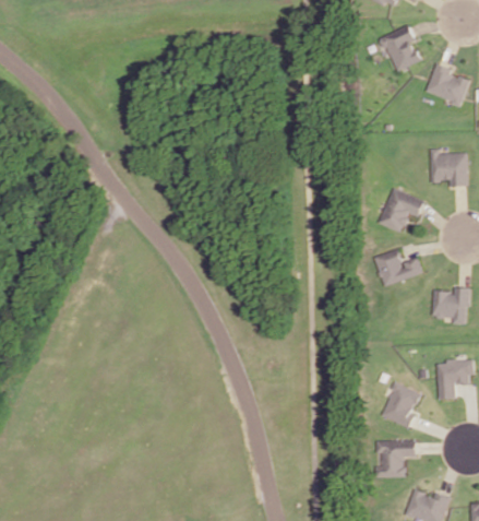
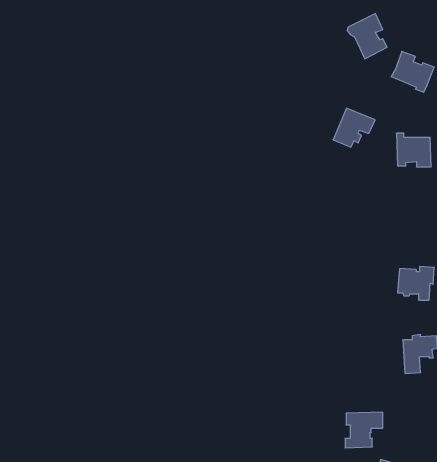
building: [380,190,423,230] -> [333,108,375,147]
building: [375,250,421,285] -> none
building: [383,382,422,428] -> none

